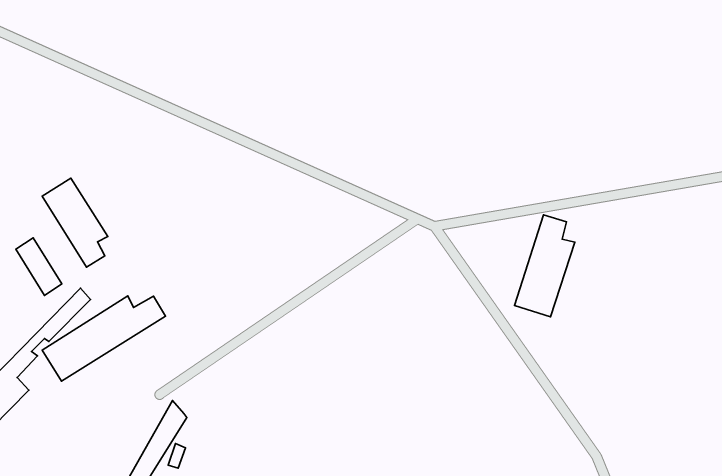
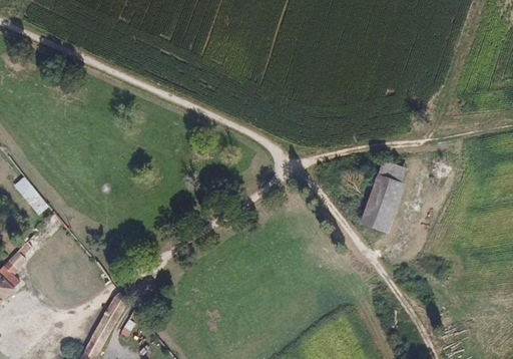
building: [42,178,108,267] -> none
building: [42,296,166,381] -> none

